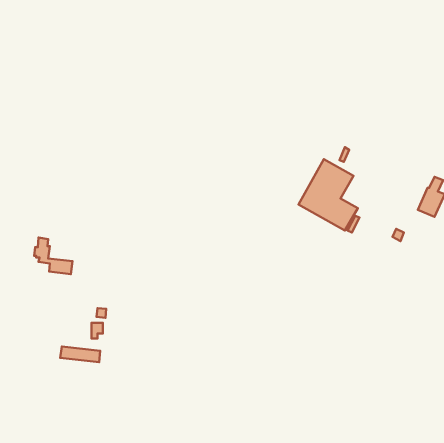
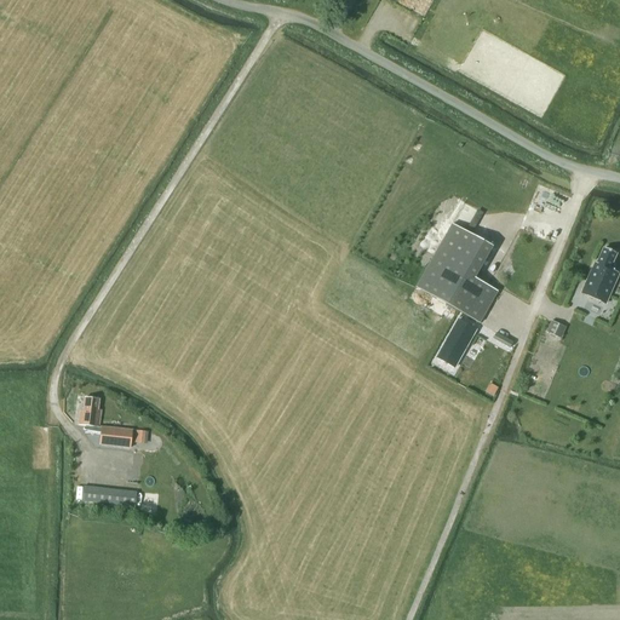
building: none -> [442,317,473,358]
building: [34,238,73,274] -> [80,396,133,447]

